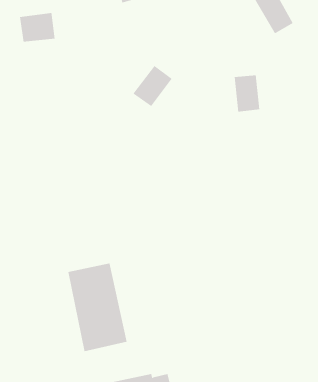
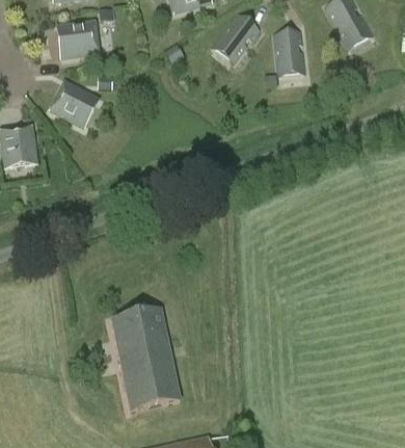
building: none -> [50,82,97,126]
building: [133,65,172,107] -> [212,14,258,61]
building: [234,75,260,112] -> [273,31,303,74]

